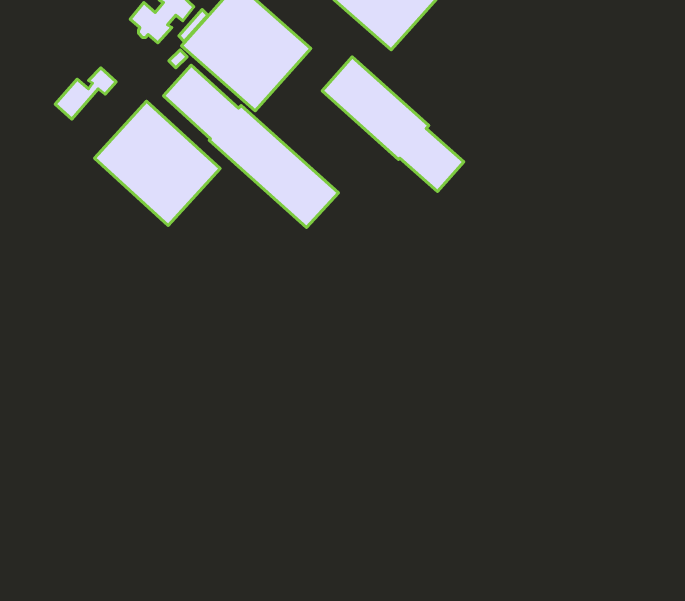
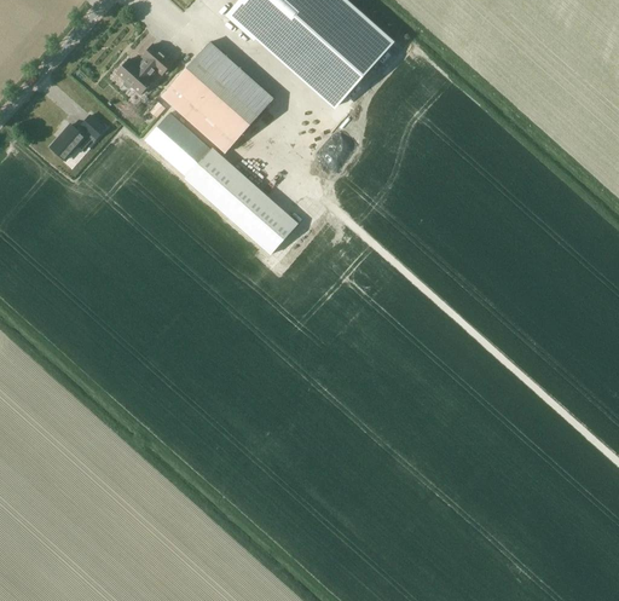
building: [322,57,464,191] -> none
building: [94,101,220,226] -> none

